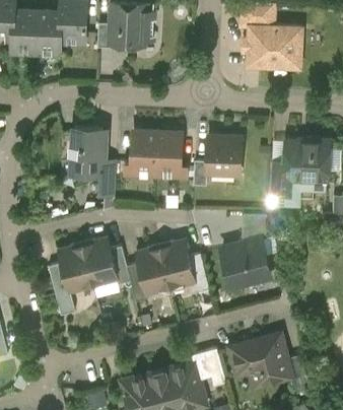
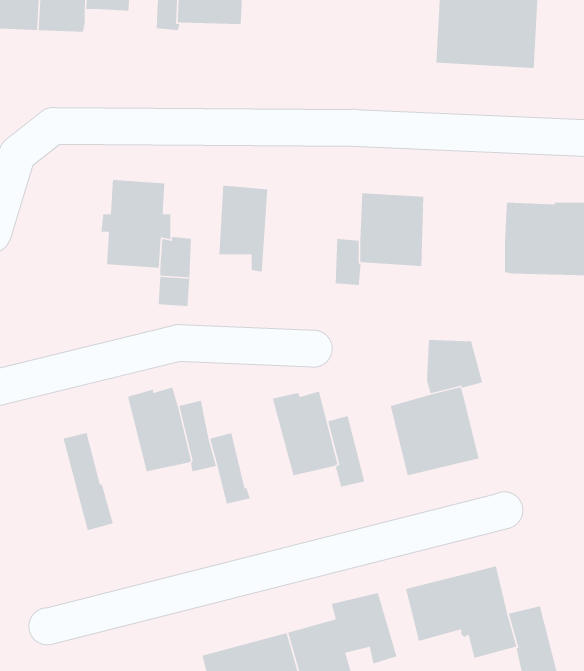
building: [155,133,183,178] -> none
building: [271,160,288,197] -> none
building: [59,244,93,290] -> none
building: [137,245,172,292] -> none

